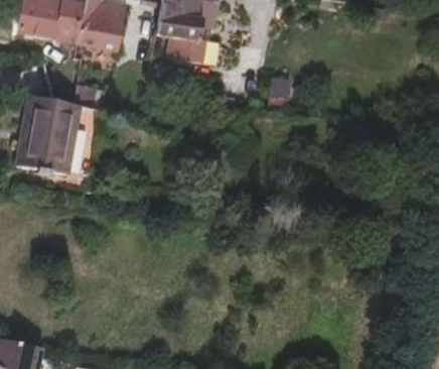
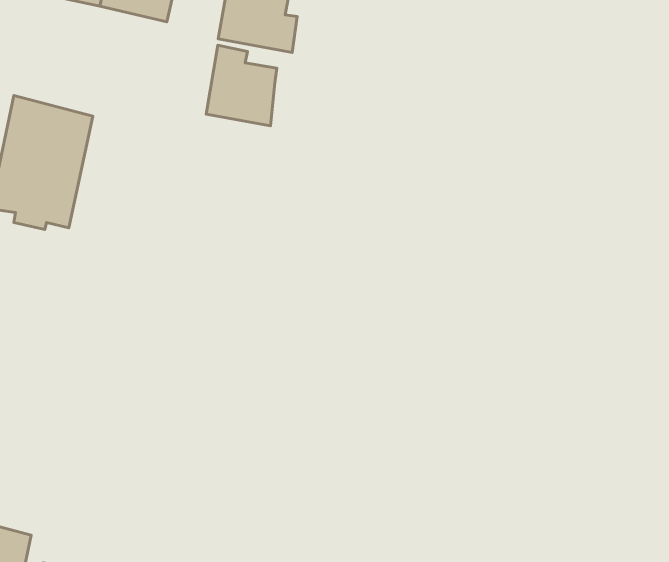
building: none -> [206,45,277,126]

